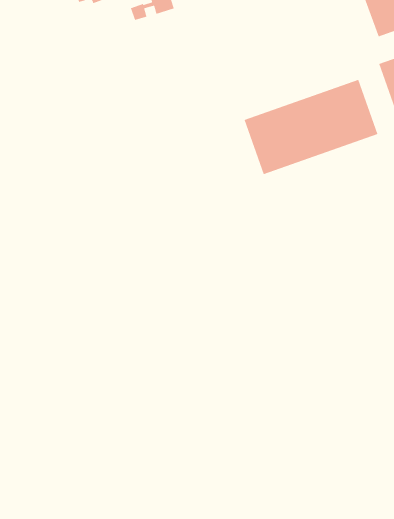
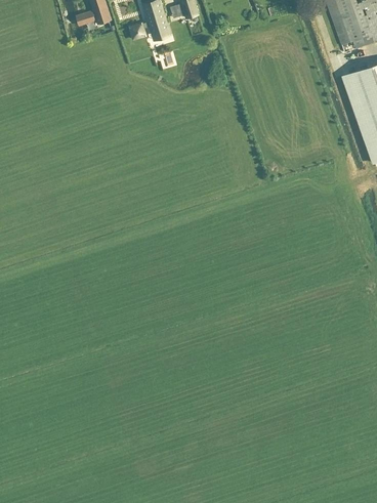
building: [244,79,379,175] -> none

